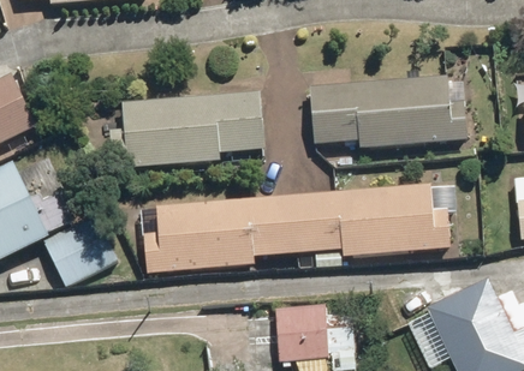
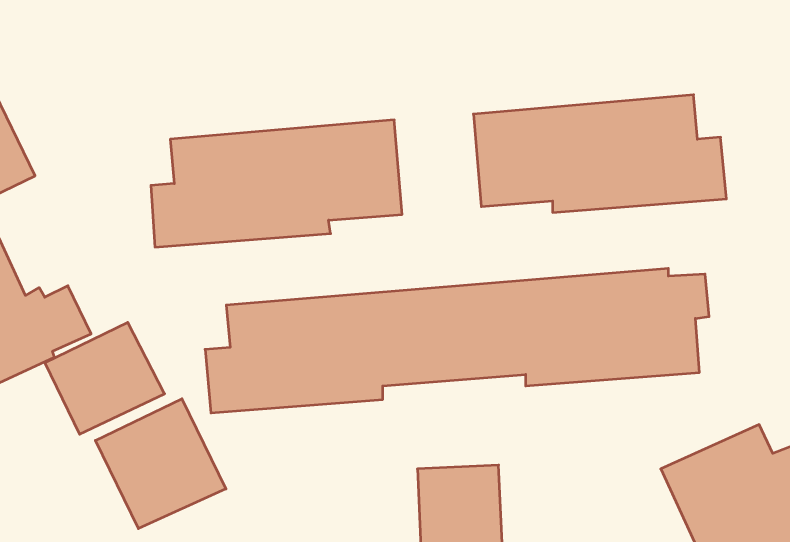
building: none -> [95,399,226,529]

